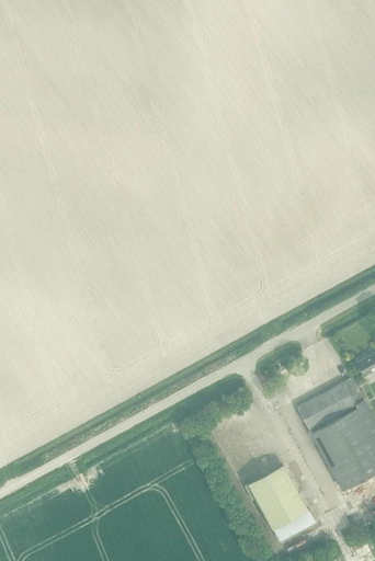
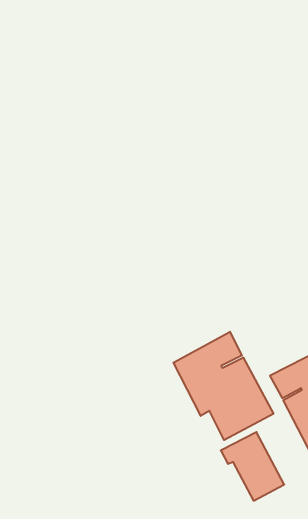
building: none -> [173,332,273,440]

